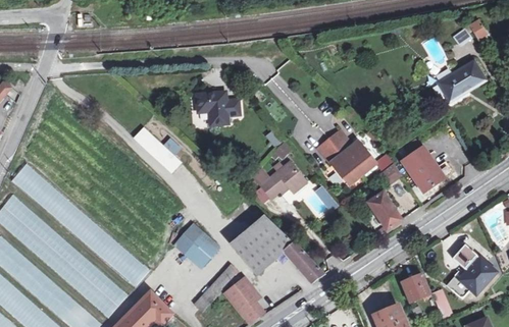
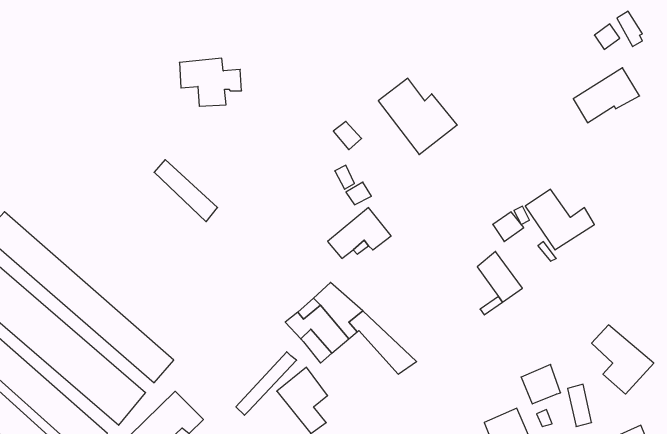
building: [195,91,240,125] -> [179,58,242,106]
building: [318,130,375,185] -> [378,78,457,155]
building: [176,225,218,265] -> none

